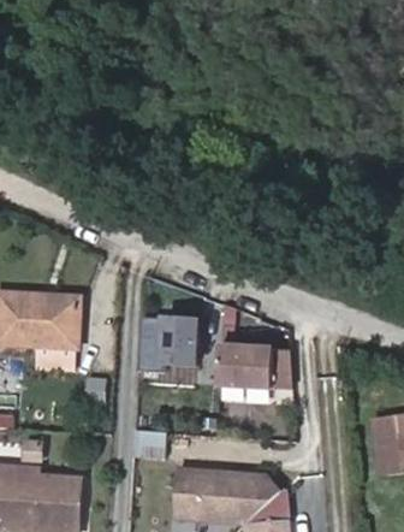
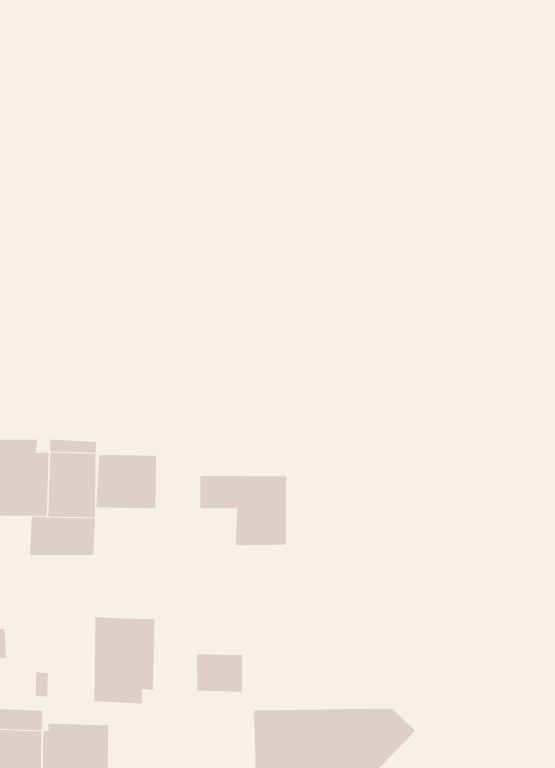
building: none -> [96,454,156,509]
building: [216,345,274,388] -> none
building: none -> [94,616,155,704]

